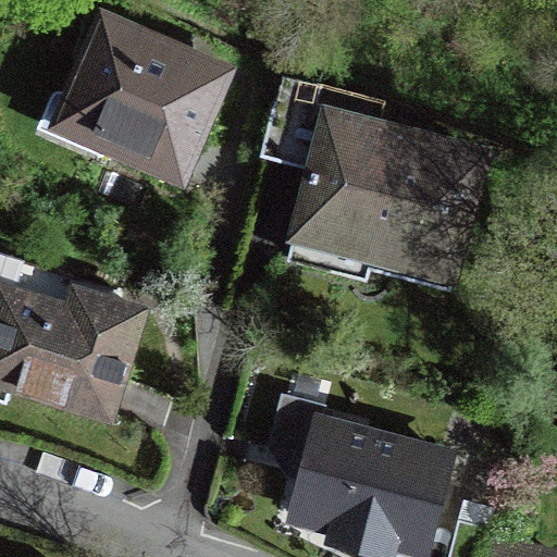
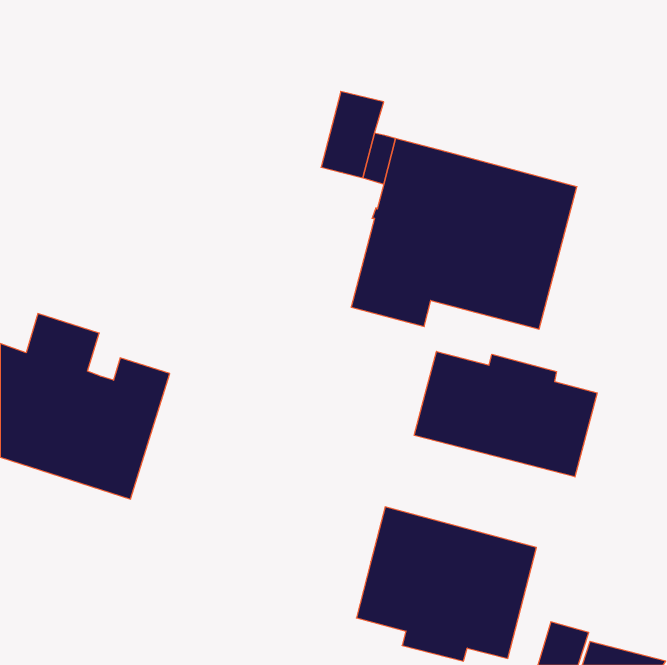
building: [59,13,228,182] -> none
building: none -> [414,351,597,477]

